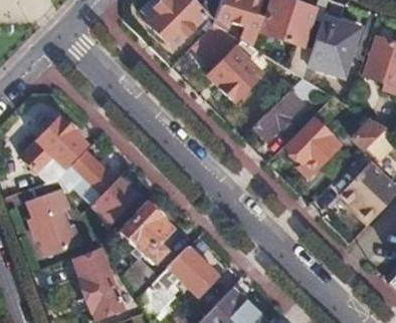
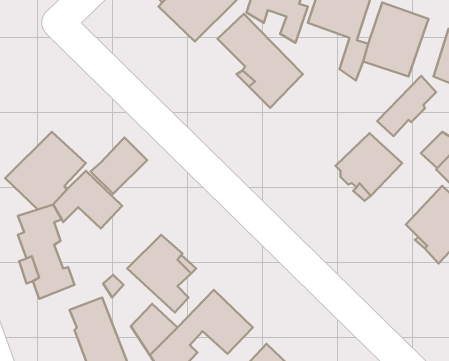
building: [254,91,302,139] -> [377,76,436,136]
building: [90,177,136,222] -> [91,137,147,194]

